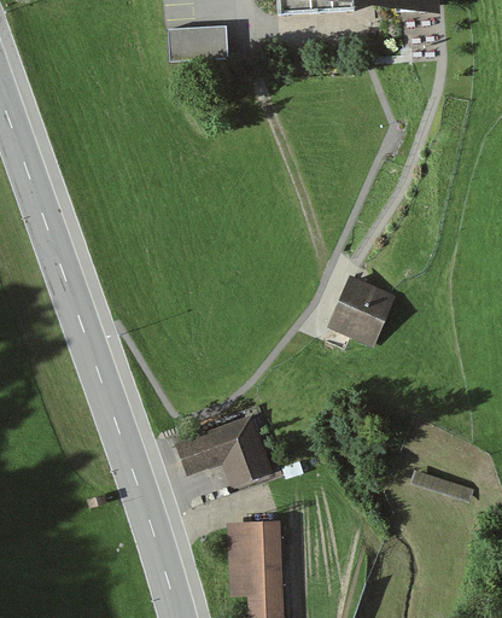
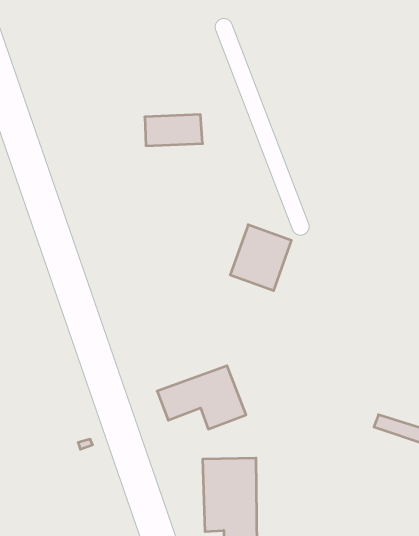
building: [167,27,229,60] -> [145,115,203,146]
building: [328,279,395,350] -> [230,225,291,291]

